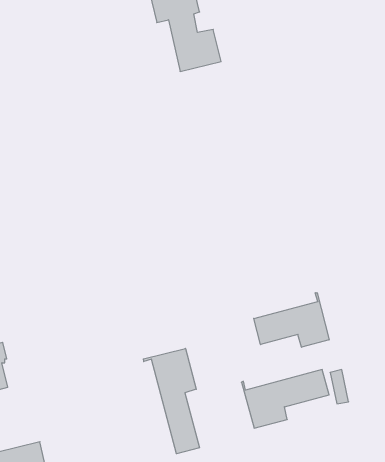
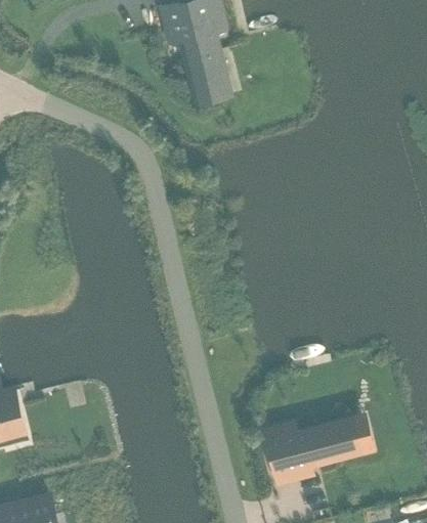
building: [254,293,329,347] -> none
building: [143,348,200,454] -> none

